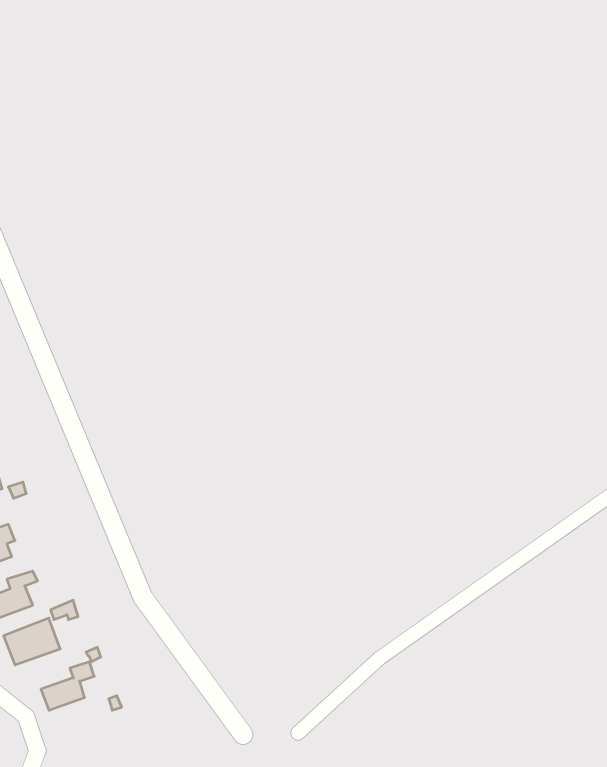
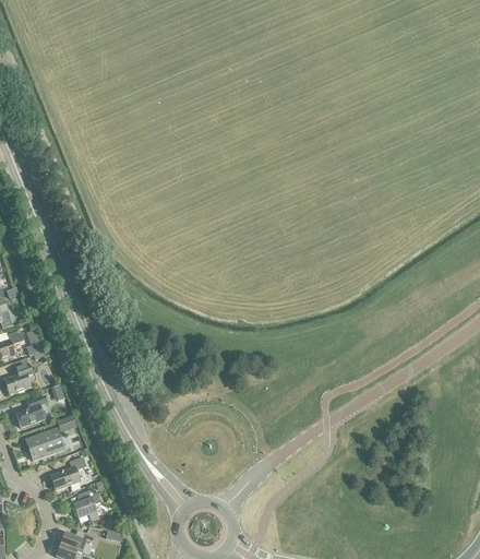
building: none -> [72,488,99,520]

